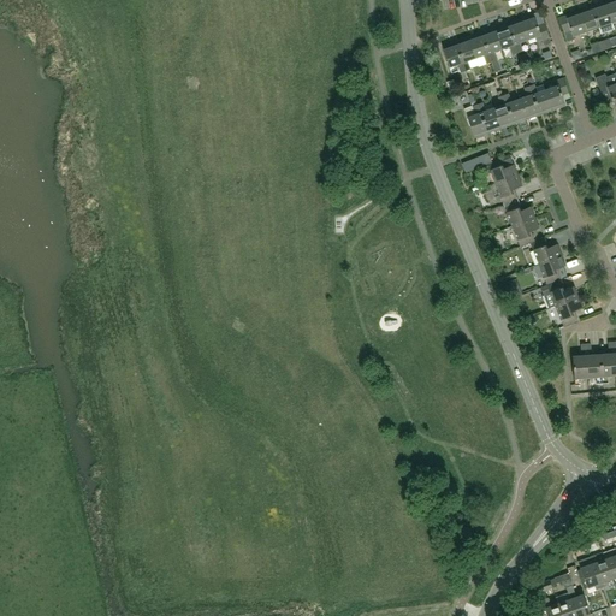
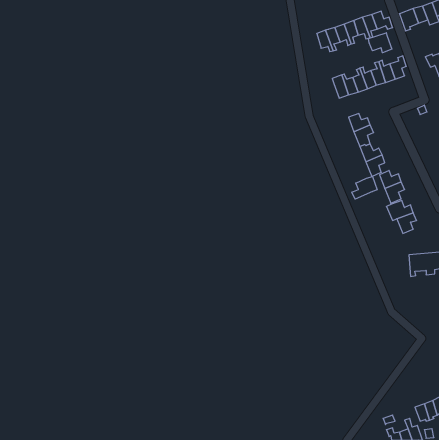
building: none -> [368,33,392,53]
building: none -> [352,176,377,199]

